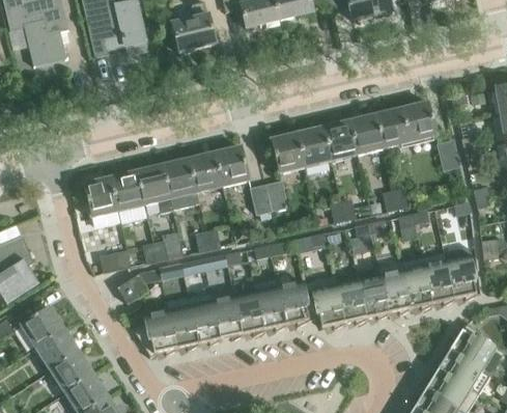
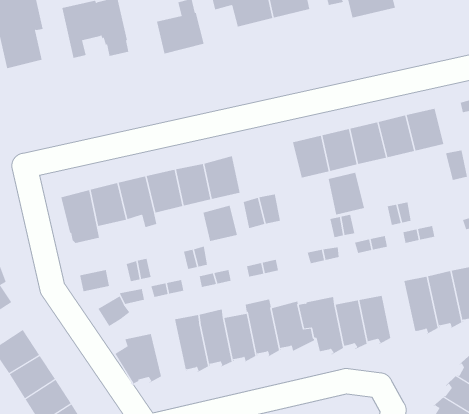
building: [271,134,305,173] -> [328,172,365,215]
building: none -> [203,205,238,242]
building: [376,261,410,315] -> none
building: [165,297,198,351] -> none

